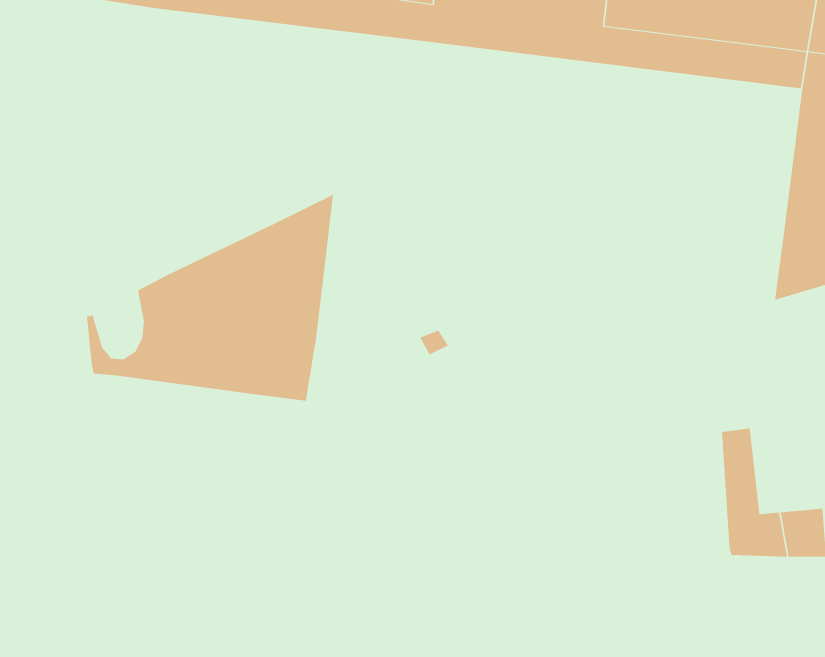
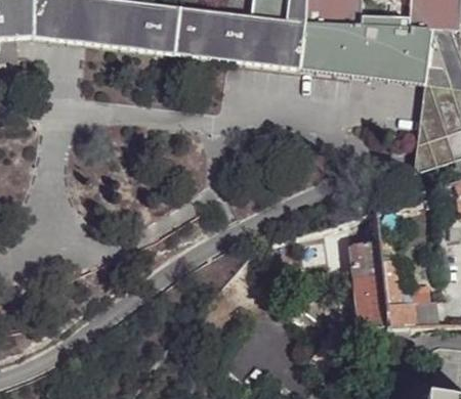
building: [87,194,333,401] -> none
building: none -> [353,238,386,325]

